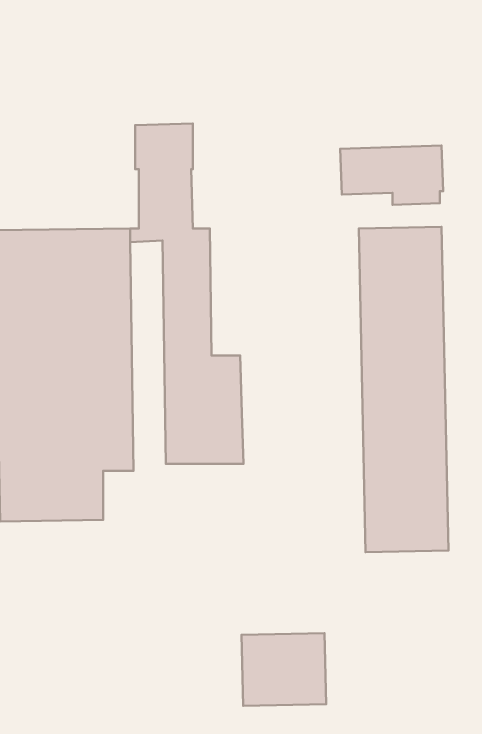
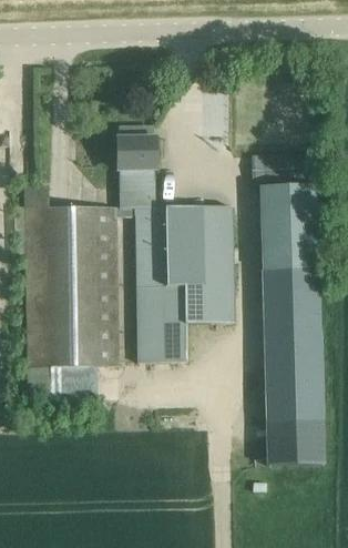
building: none -> [166,203,232,326]
building: [242,633,326,706] -> [268,416,324,464]

